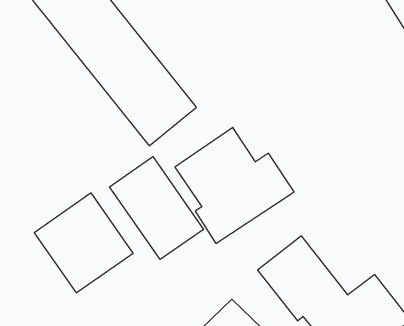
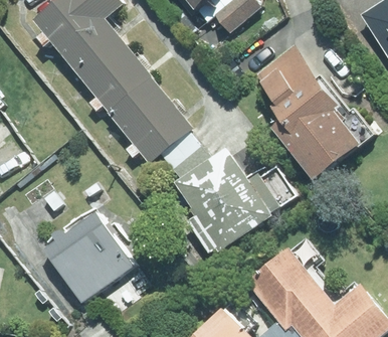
building: none -> [252,44,361,179]
building: [110,157,204,259] -> none

